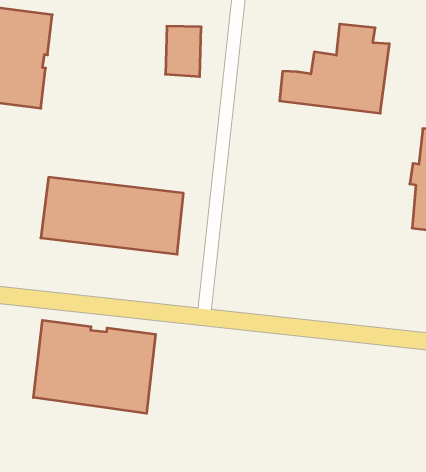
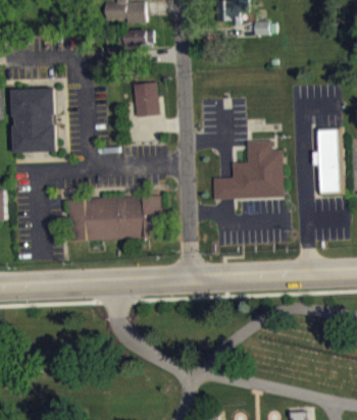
building: [280,24,389,113] -> [213,140,284,199]
building: [33,320,156,413] -> none

